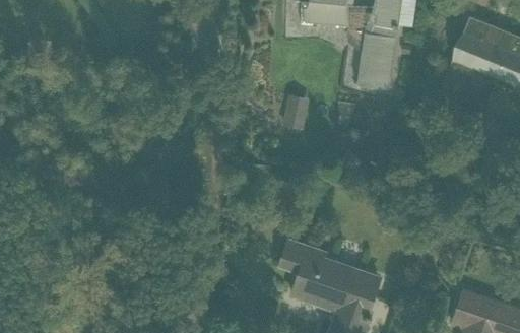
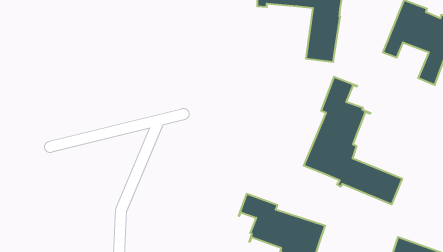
building: [281,95,310,130] -> none
building: none -> [304,77,402,204]

